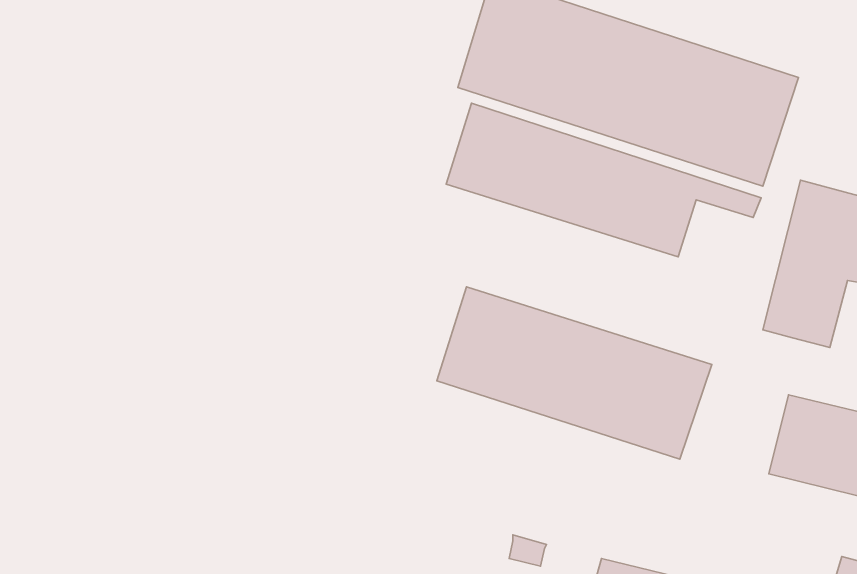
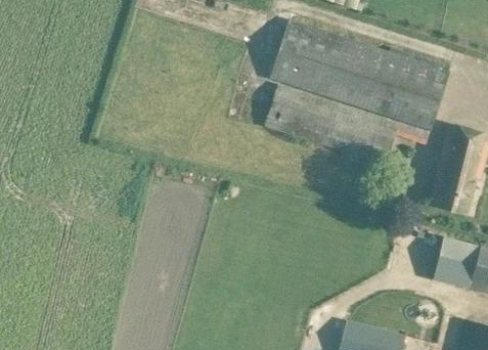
building: [437,287,712,459] -> none

